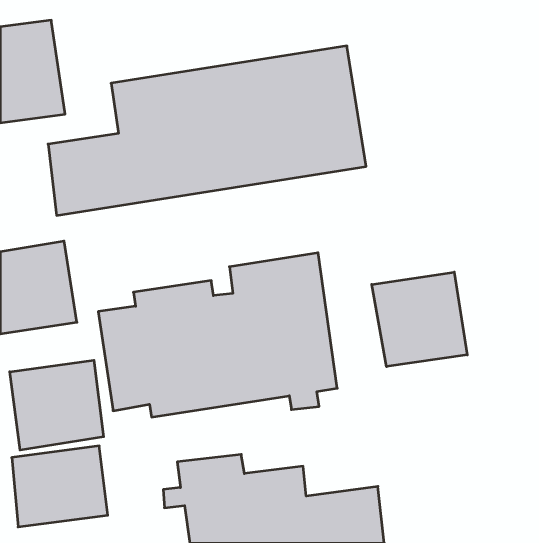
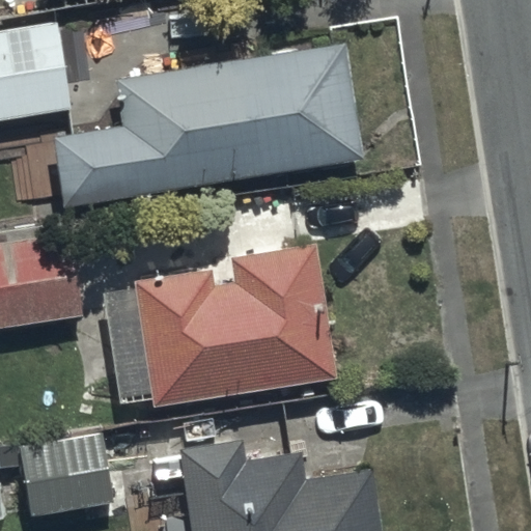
building: [372,272,467,367] -> none
building: [10,360,104,450] -> none

